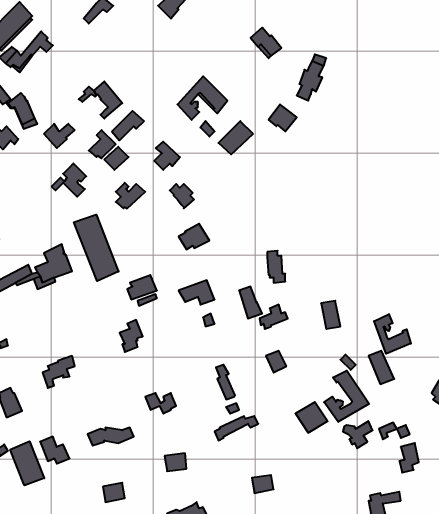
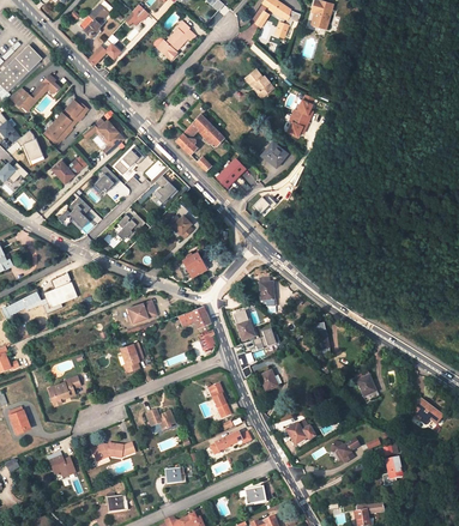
building: none -> [47,99,89,145]
building: [74,215,119,281] -> none
building: [374,314,411,354] -> none
building: [324,371,369,422] -> none
building: [10,441,44,485] -> none

